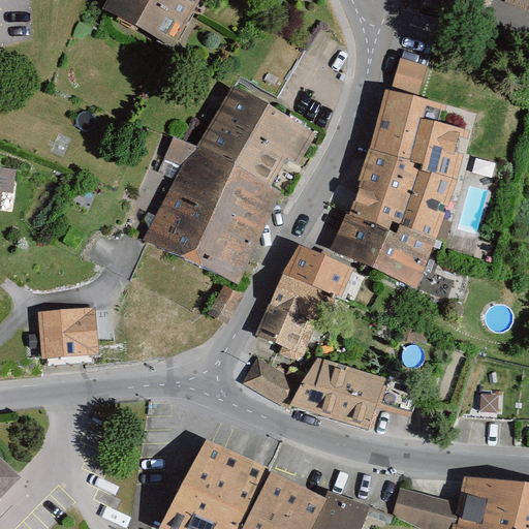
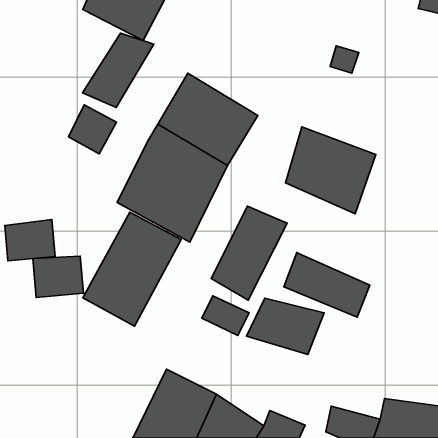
building: none -> [82,33,154,107]
building: [365,93,461,185] -> none
building: none -> [68,105,116,154]
building: [325,217,429,294] -> [284,252,370,317]
building: none -> [83,212,181,326]
building: none -> [5,219,55,261]

